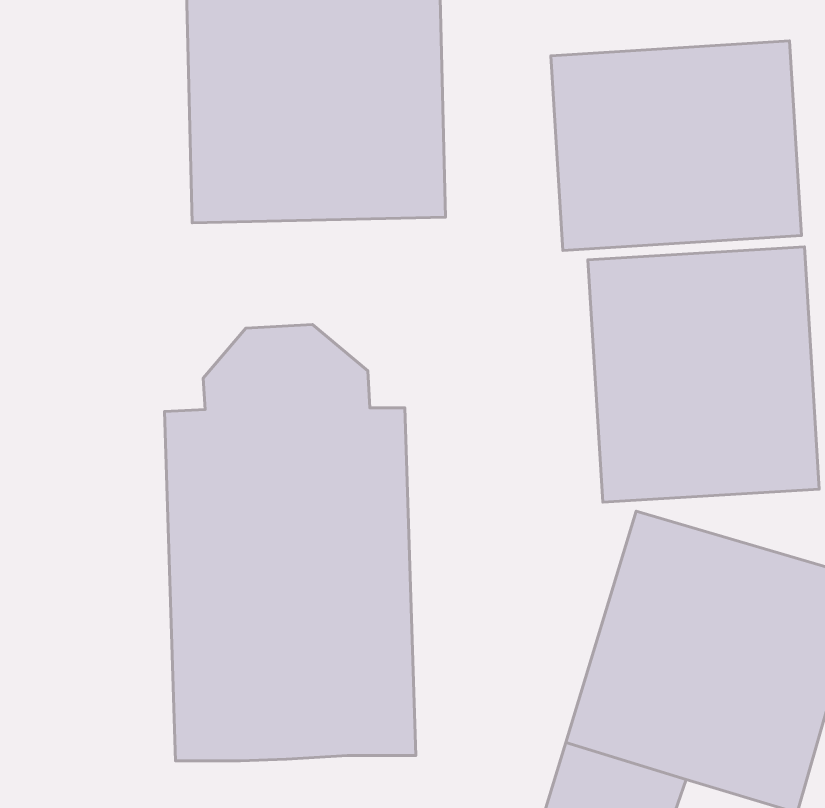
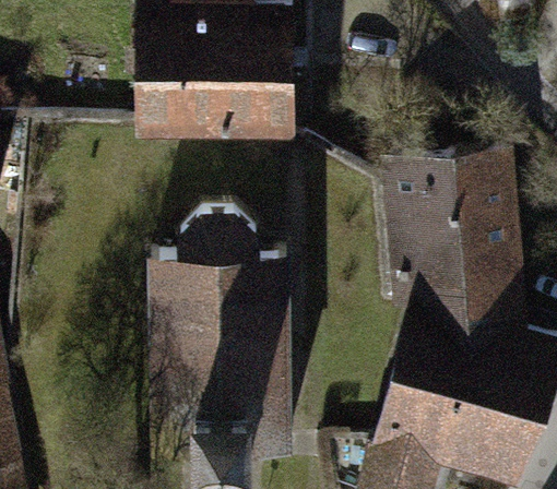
building: [551,41,801,250] -> none

